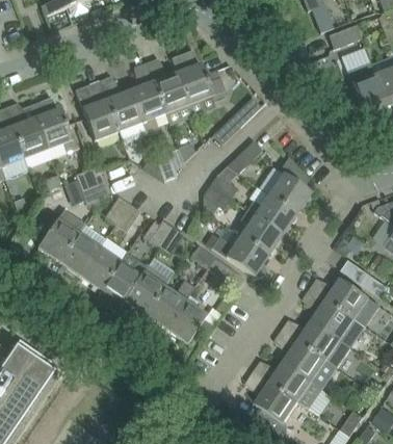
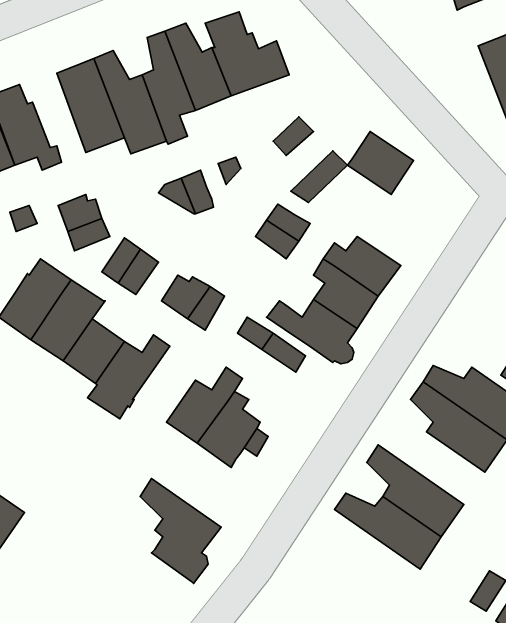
building: [268,173,311,213] -> [347,131,414,194]
building: [124,264,169,314] -> none
building: [282,318,350,367] -> none
building: [246,370,298,438] -> [140,479,221,584]

